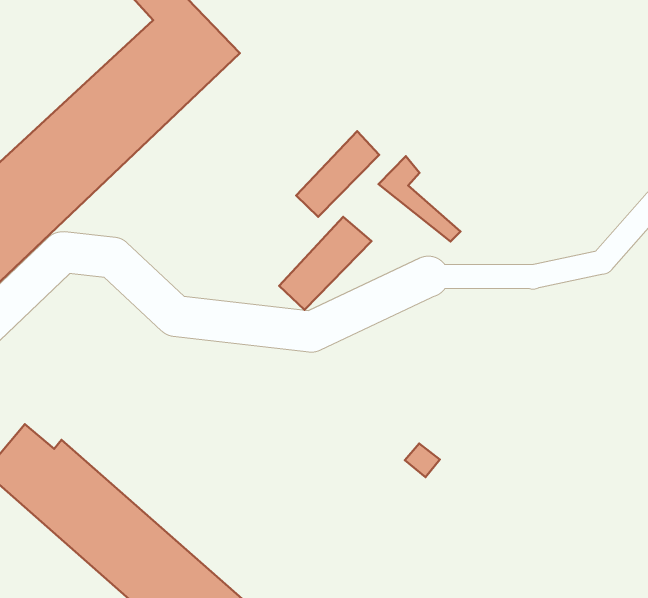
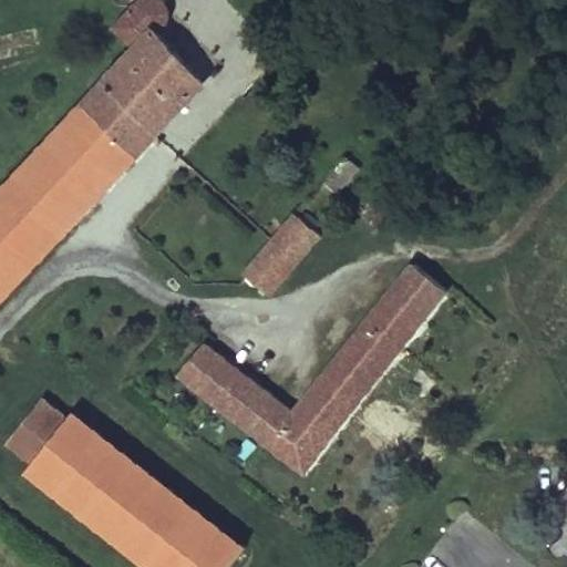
building: [296,131,379,217] -> none
building: none -> [177,265,445,466]

